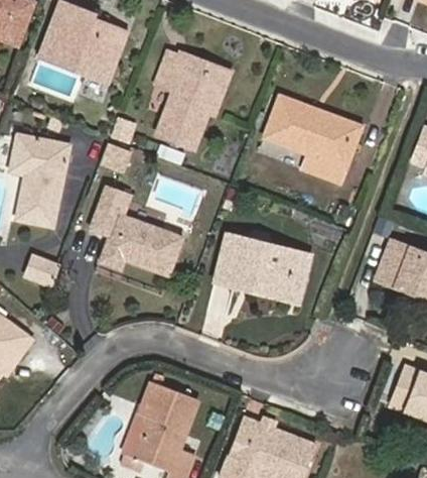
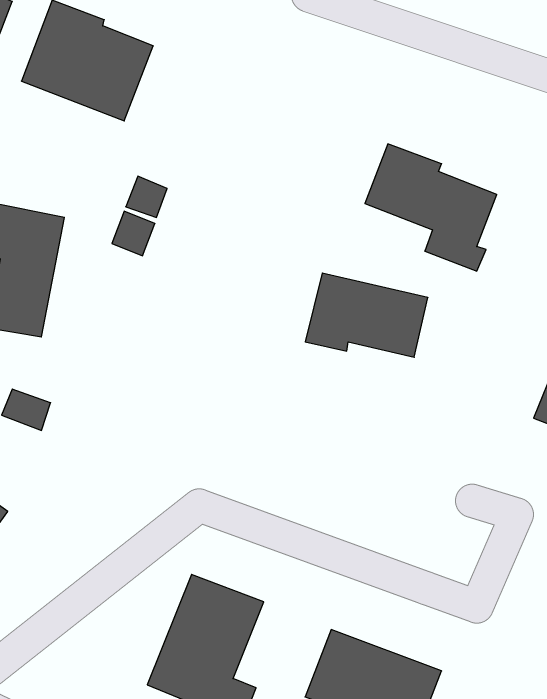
building: [156,51,222,147] -> none
building: [91,185,185,277] -> none
building: [216,236,296,291] -> [305,273,428,357]

